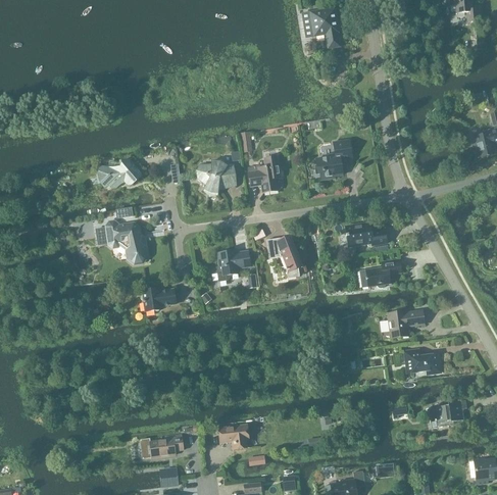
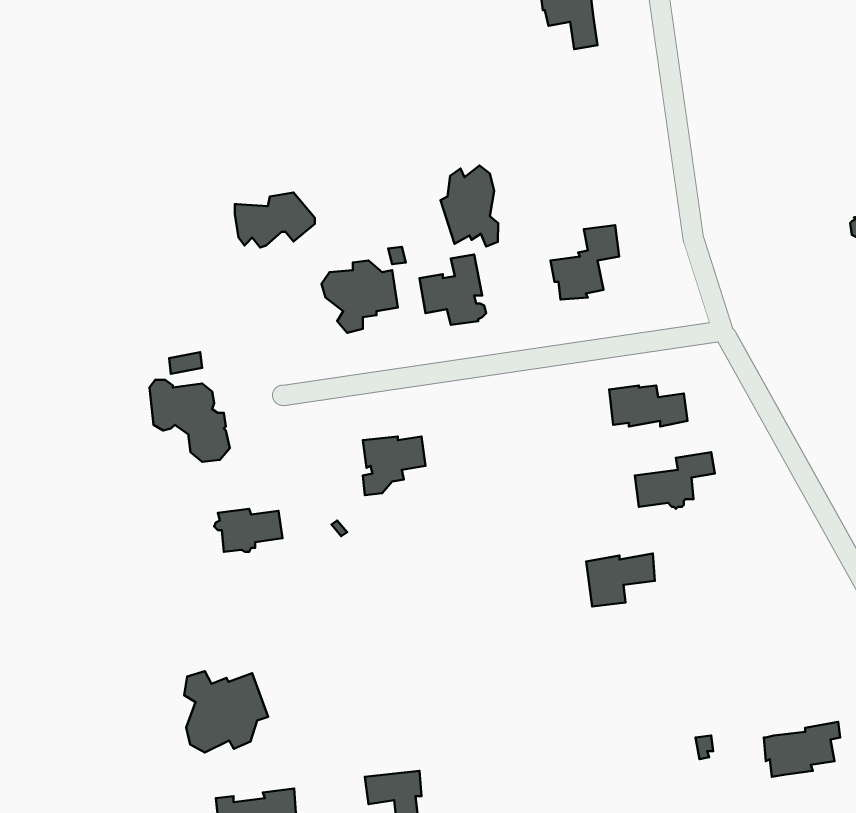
building: none -> [441,165,498,247]
building: [99,159,141,188] -> [235,193,315,247]
building: [266,236,302,278] -> none
building: [388,309,424,337] -> [586,554,655,606]
building: [404,349,441,374] -> none
building: none -> [184,671,268,753]

